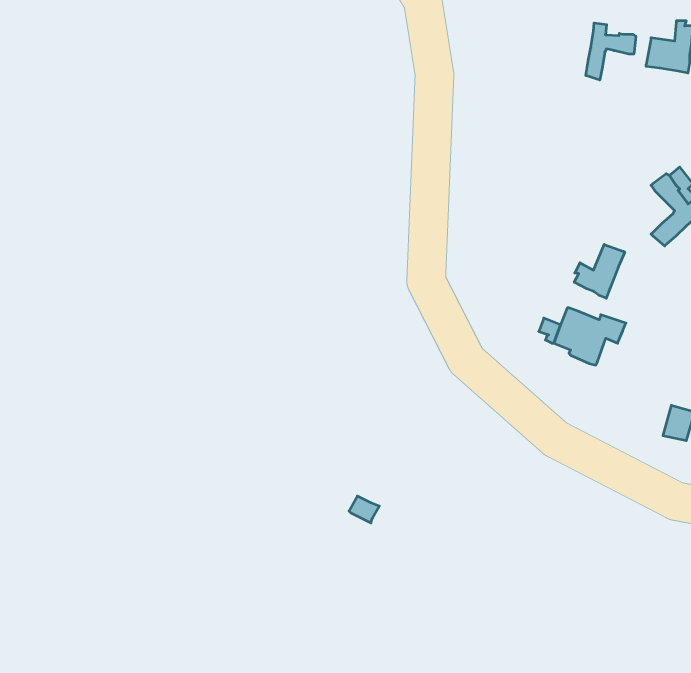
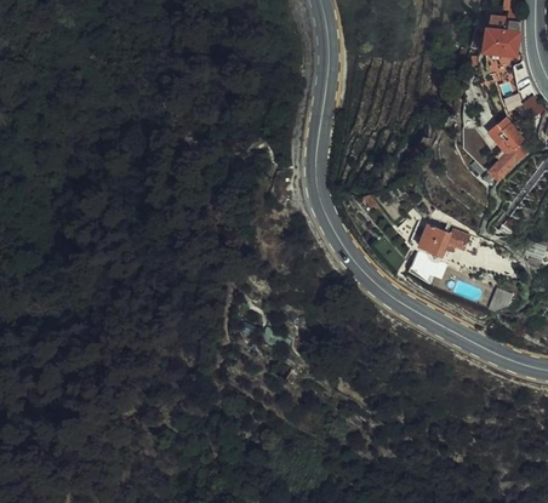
building: [586,23,636,80] -> none
building: [574,244,625,298] -> none

